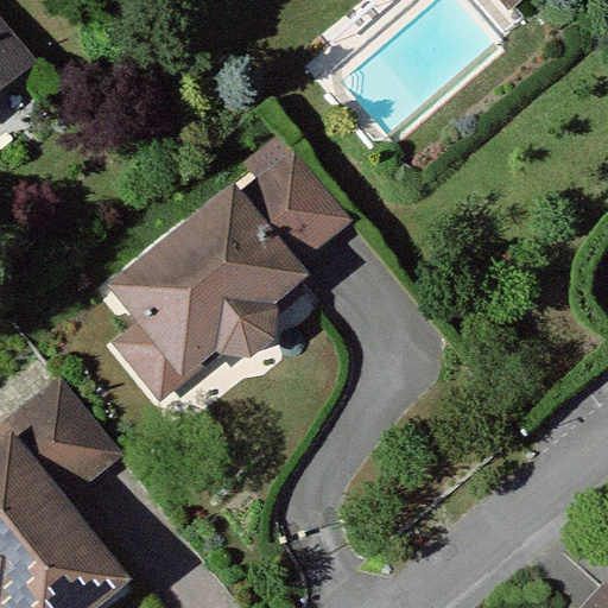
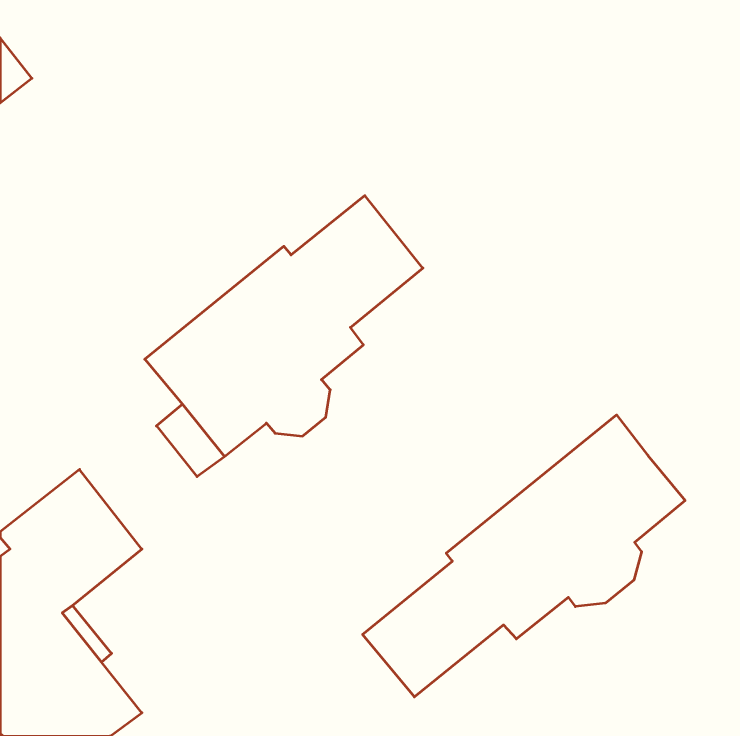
building: none -> [363,415,685,697]

